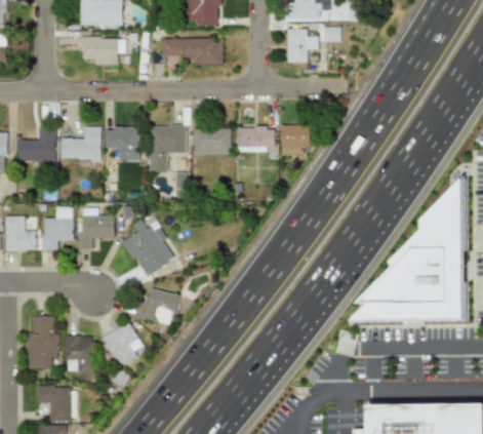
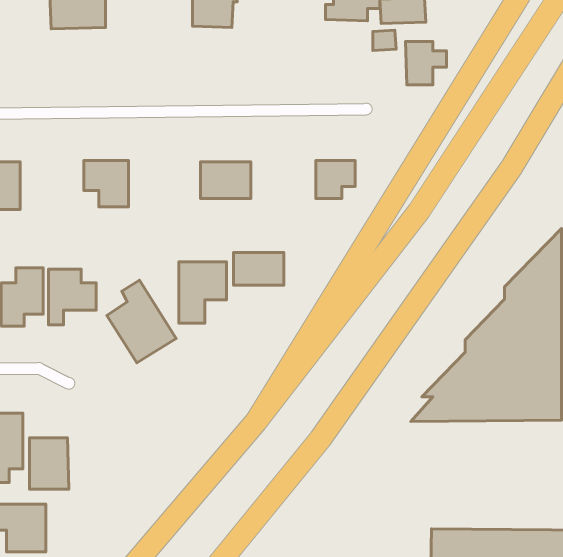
building: [286,30,317,63] -> [406,41,446,85]
building: [81,38,124,66] -> none
building: [161,39,222,66] -> none
building: [150,125,186,171] -> [179,262,226,323]
building: [61,126,102,164] -> none
building: [236,126,274,151] -> [234,253,284,285]
building: [133,288,178,325] -> none
building: [102,321,145,365] -> none

